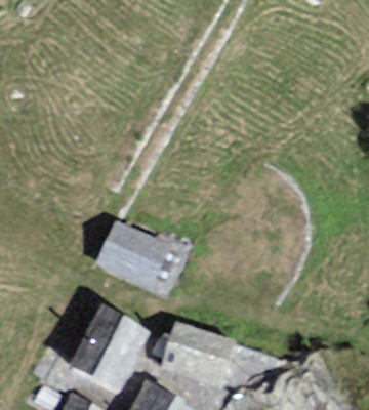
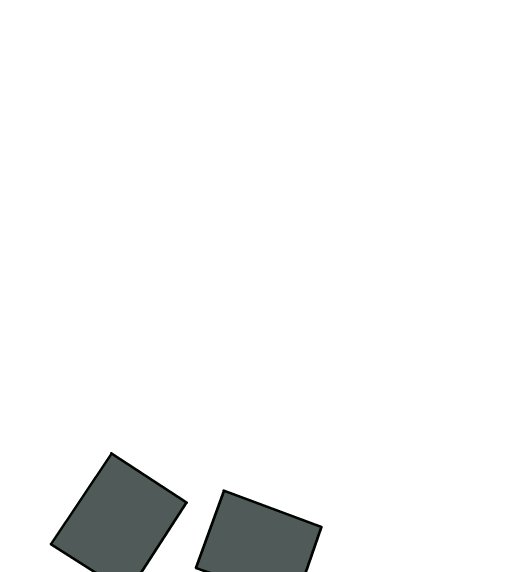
building: [94,218,174,292] -> none

